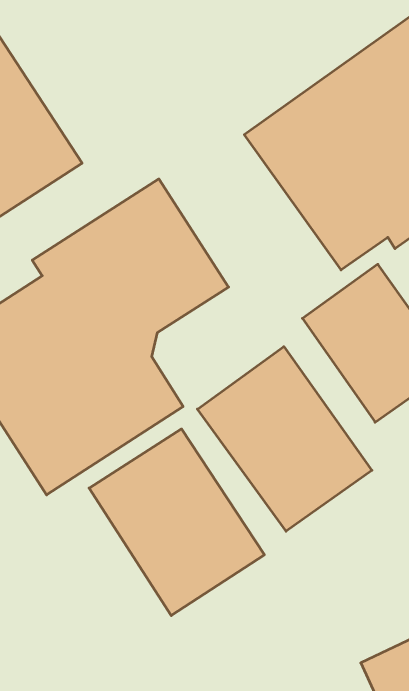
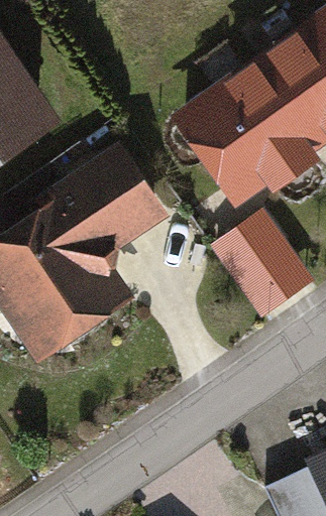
building: [197,347,372,531] -> none
building: [89,429,264,616] -> none

